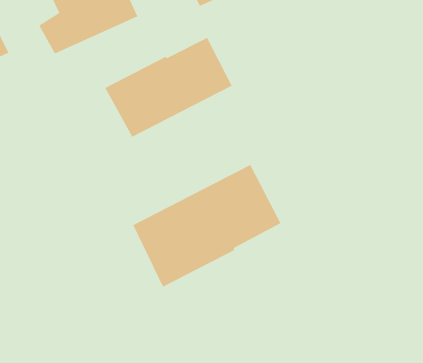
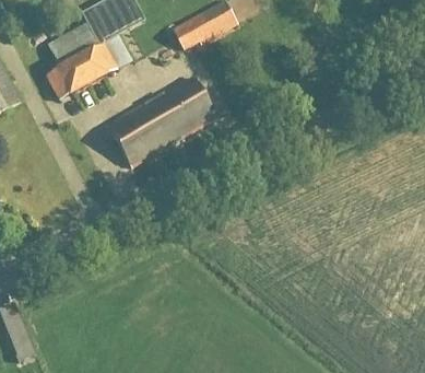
building: [132,164,281,288] -> none

